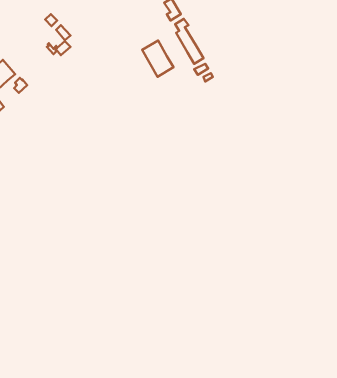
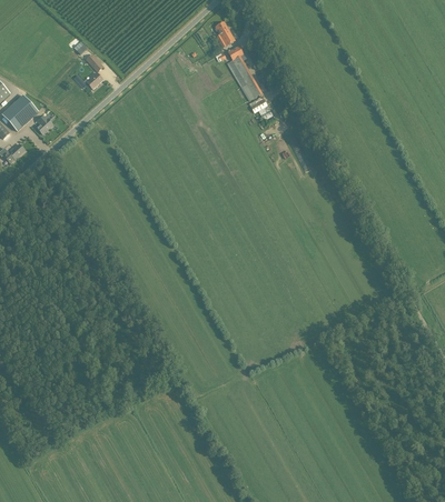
building: [142,40,173,77] -> none

